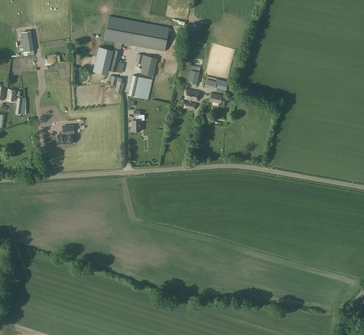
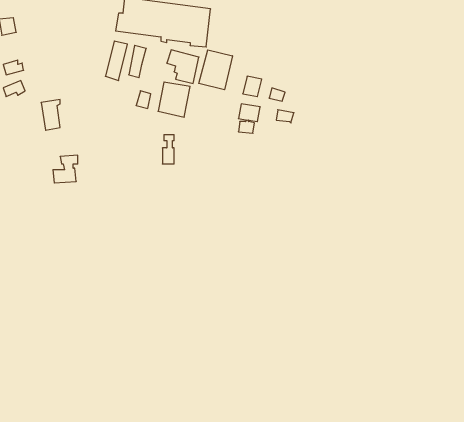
building: none -> [199,50,232,90]

